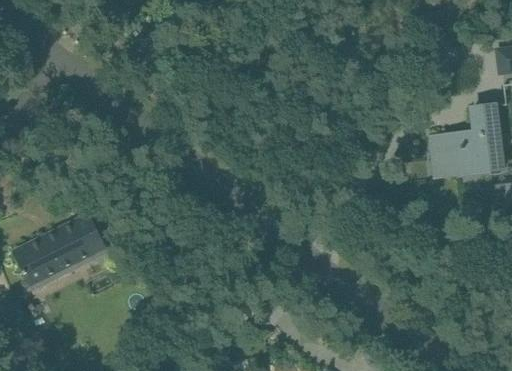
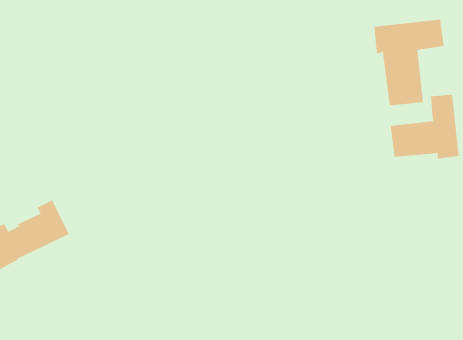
building: none -> [374,19,444,106]

